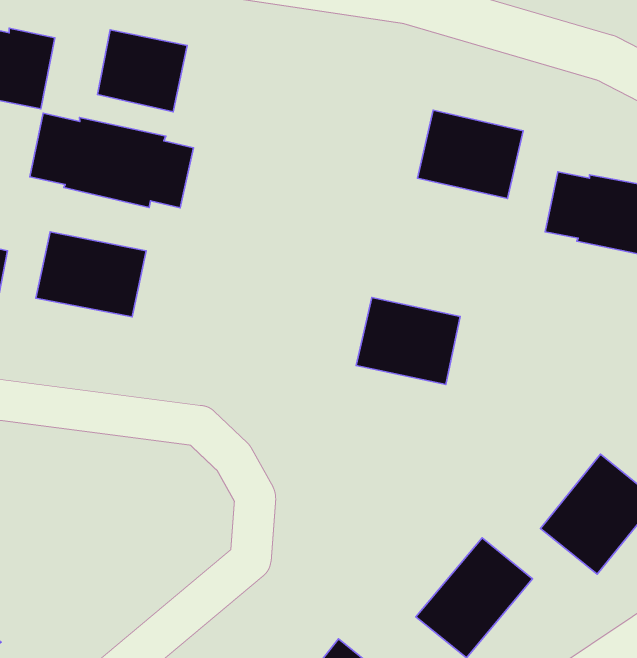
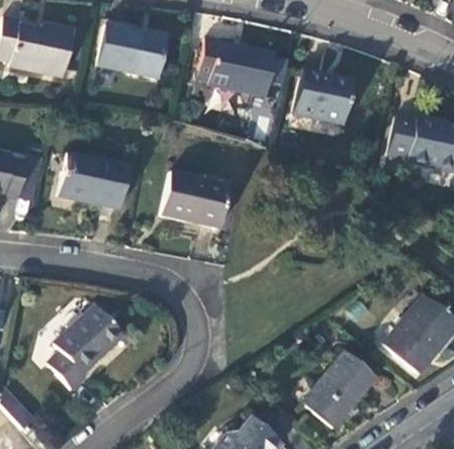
building: none -> [196,33,274,96]
building: [30,113,194,208] -> none
building: [356,298,460,384] -> [160,172,226,228]
building: none -> [50,303,127,389]

